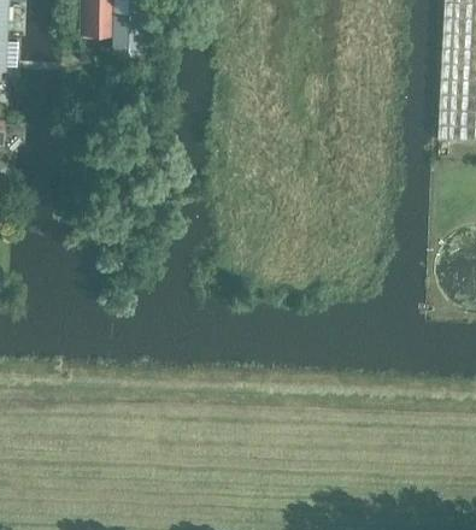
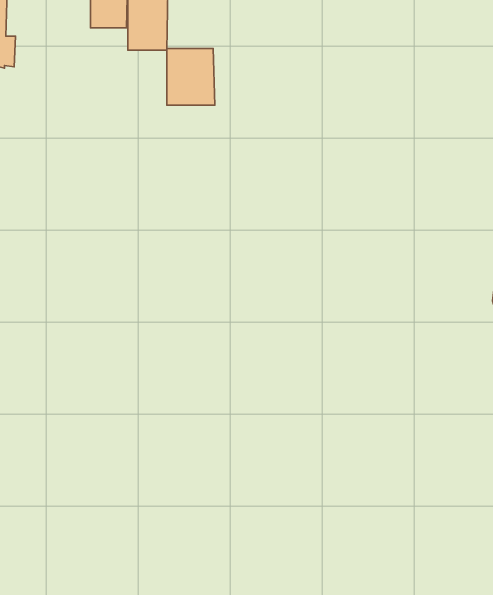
building: none -> [167,48,215,105]

